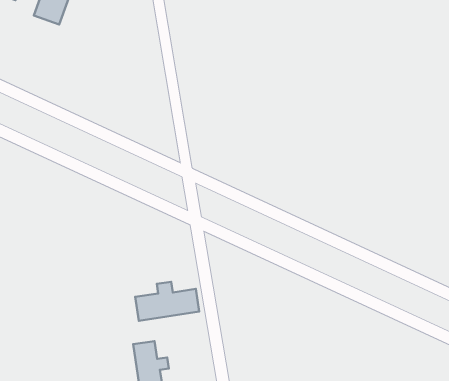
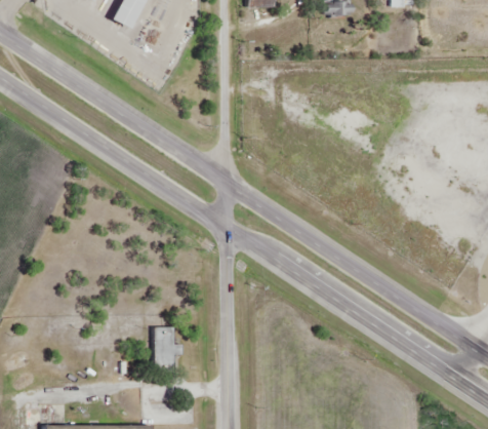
building: [135,282,199,321] -> none

